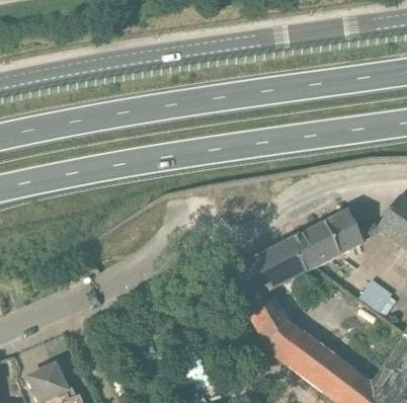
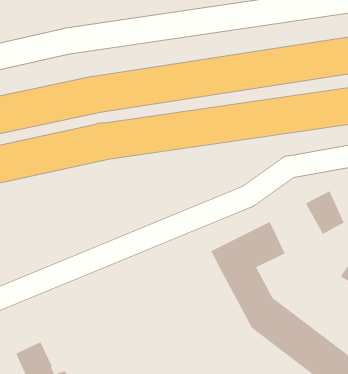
building: [288,223,341,274] -> none

